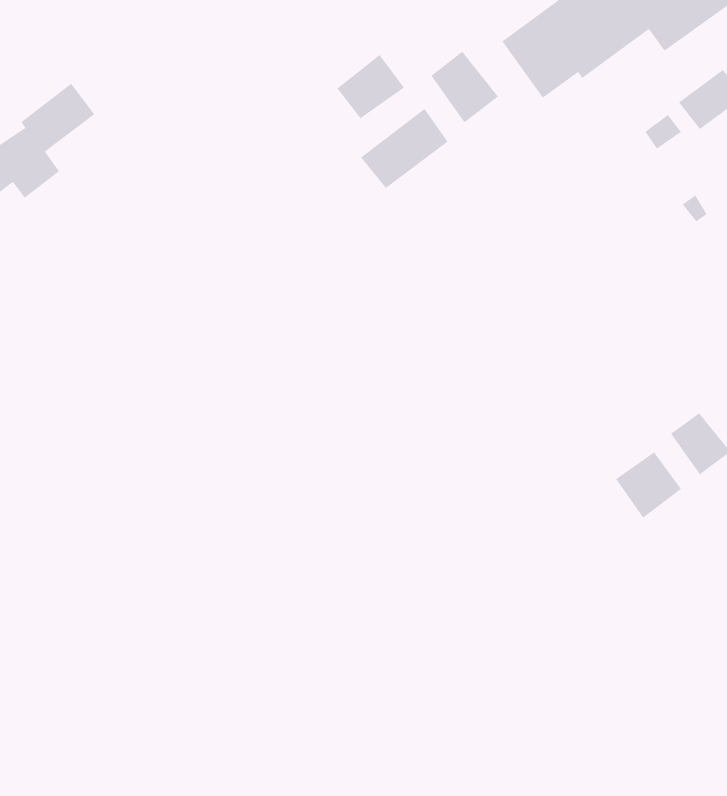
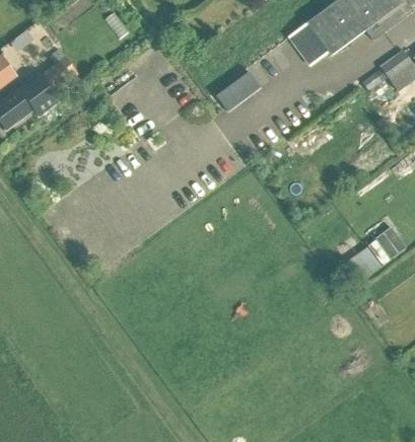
building: [431,51,499,123] -> none
building: [337,54,405,119] -> none

